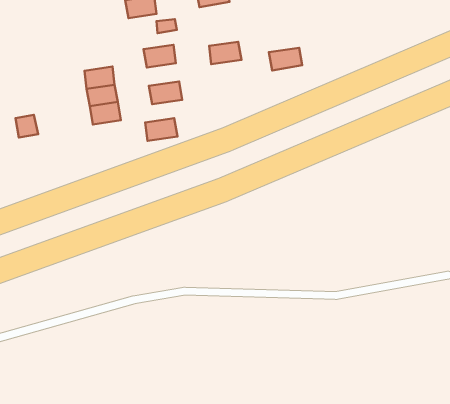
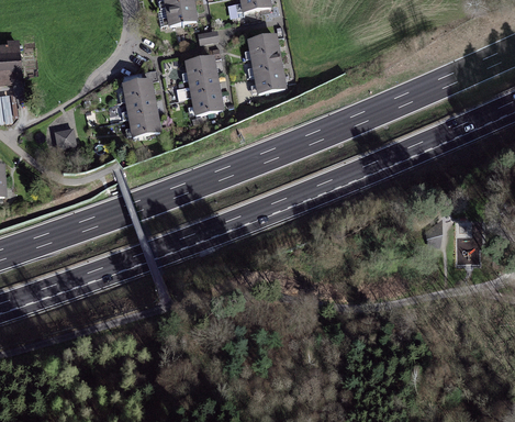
building: none -> [247,32,280,55]
building: [269,48,302,71] -> [253,69,287,92]
building: [145,118,178,141] -> [187,73,220,96]

